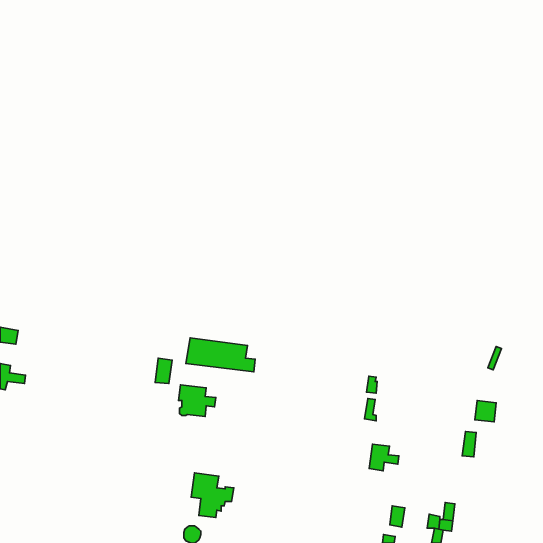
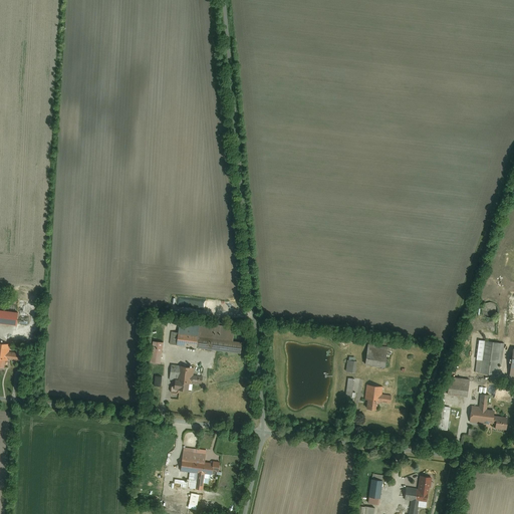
building: none -> [474,342,502,376]
building: none -> [364,343,388,365]
building: none -> [471,395,507,432]
building: [369,444,399,471] -> [363,383,392,409]

